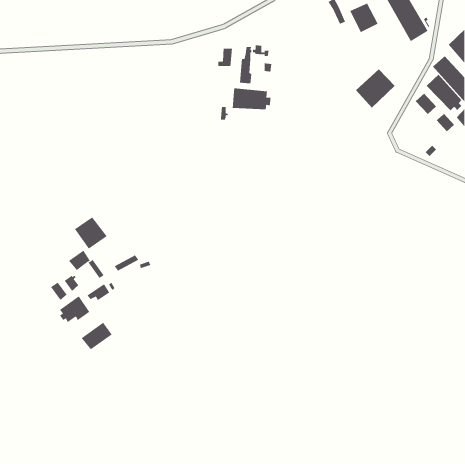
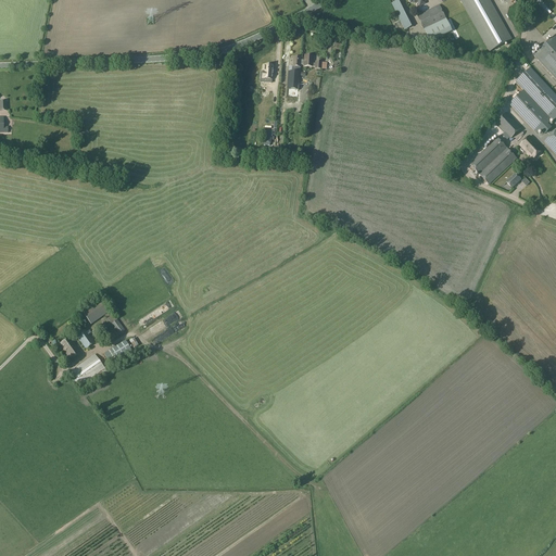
building: [355,68,395,109] -> [469,136,517,184]
building: [232,88,271,110] -> none
building: [74,216,107,250] -> none
building: [81,322,113,350] -> none

